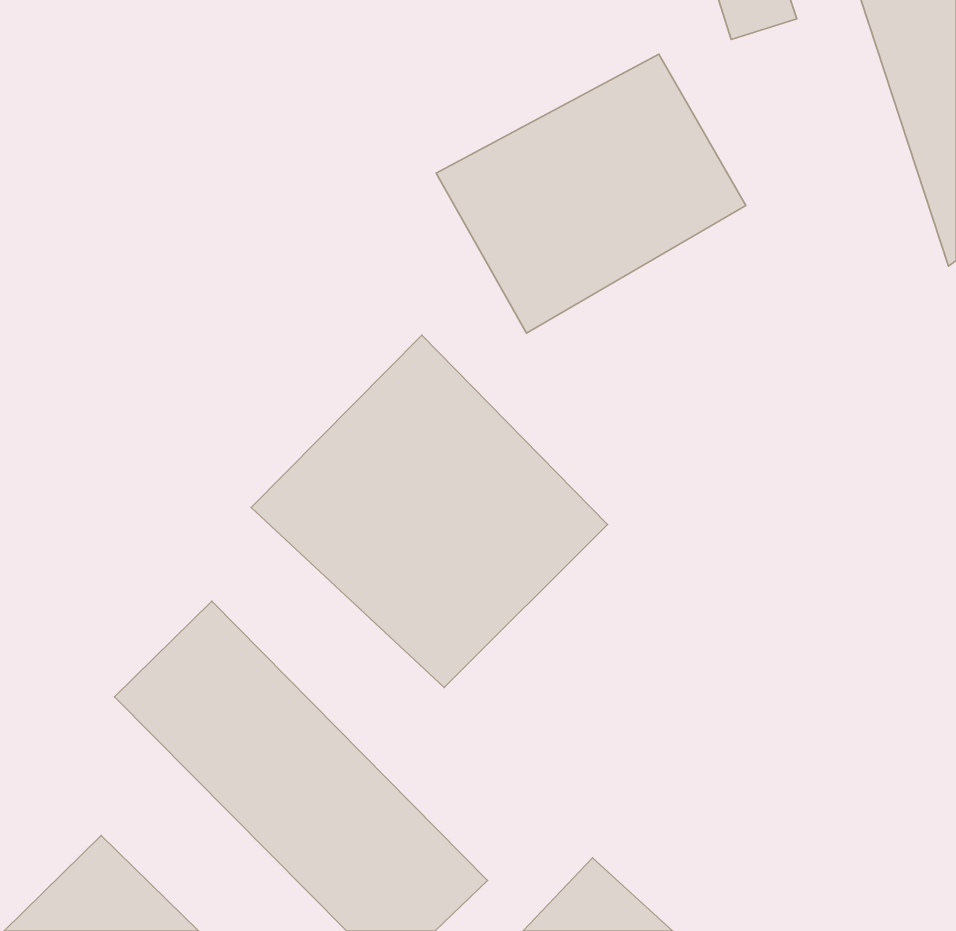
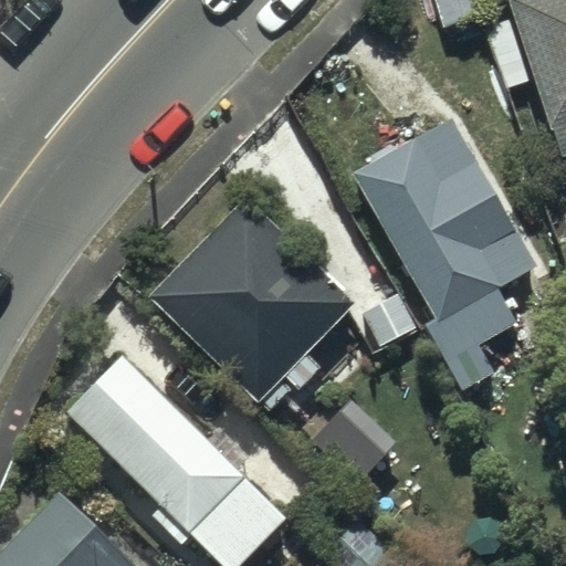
building: [436,54,746,333] -> none
building: none -> [356,120,537,325]

